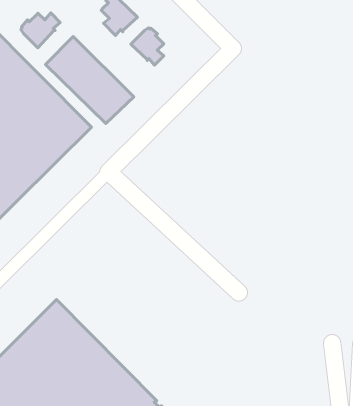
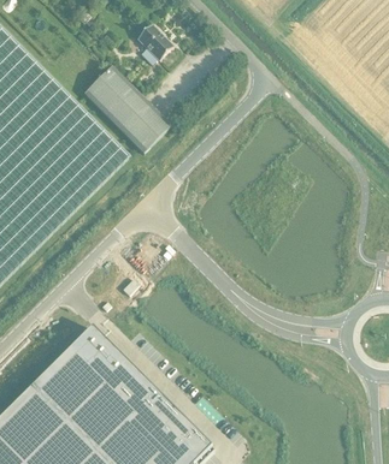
building: [21,13,60,48] -> none
building: [131,28,164,65] -> none

